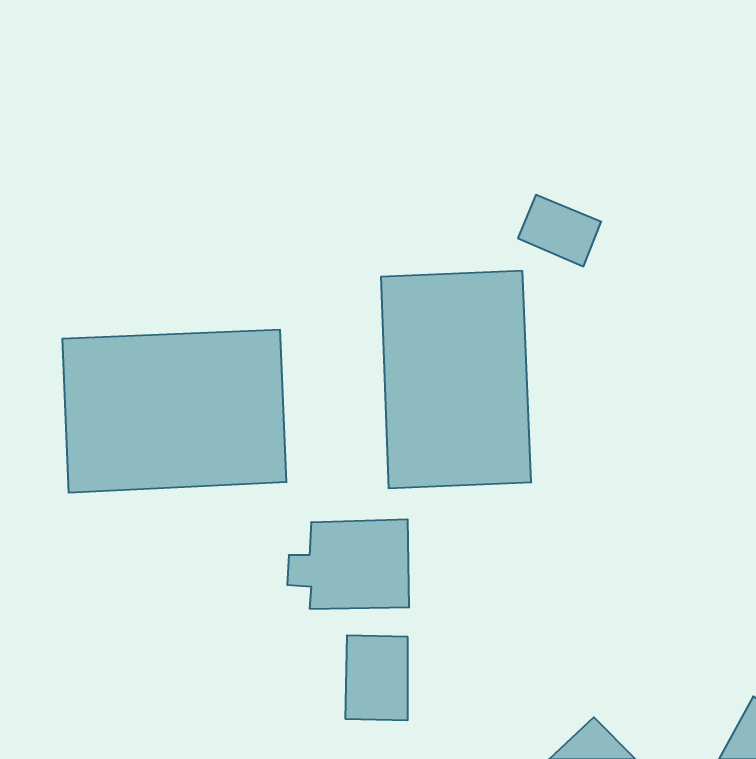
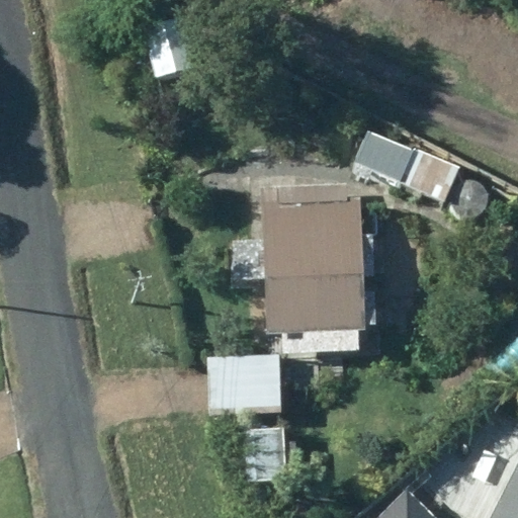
building: [62,330,286,493] -> none

